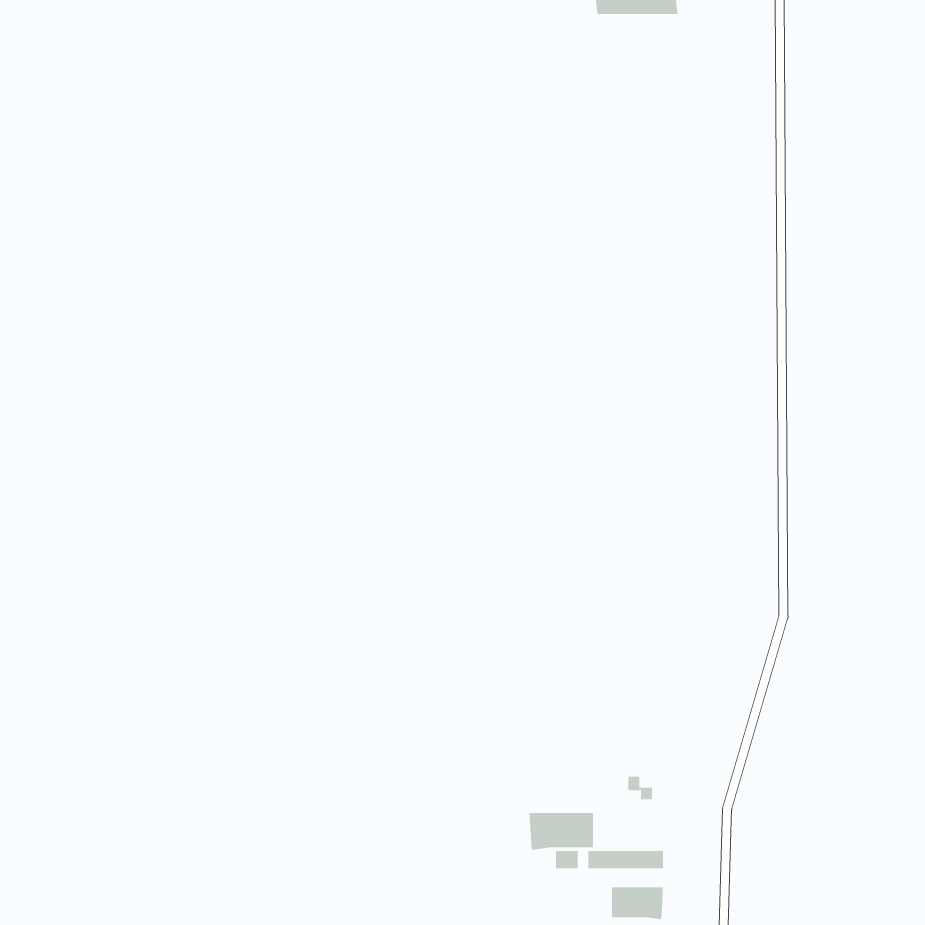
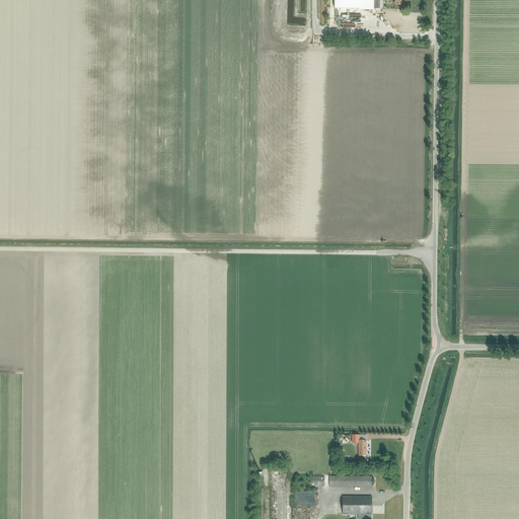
building: [529,812,594,850] -> none

